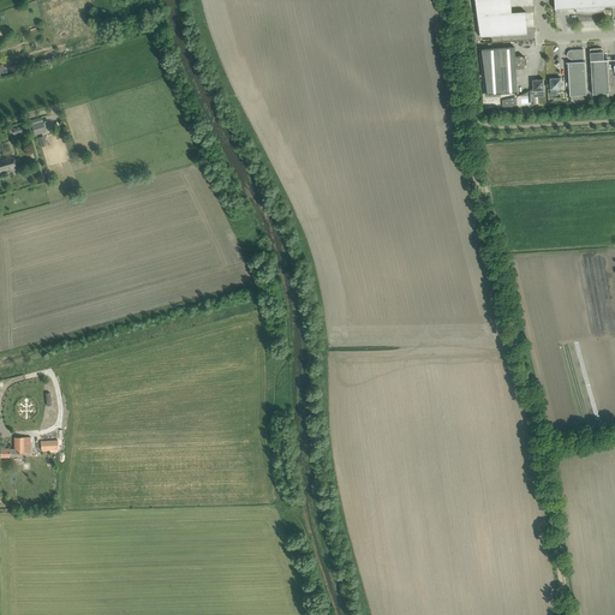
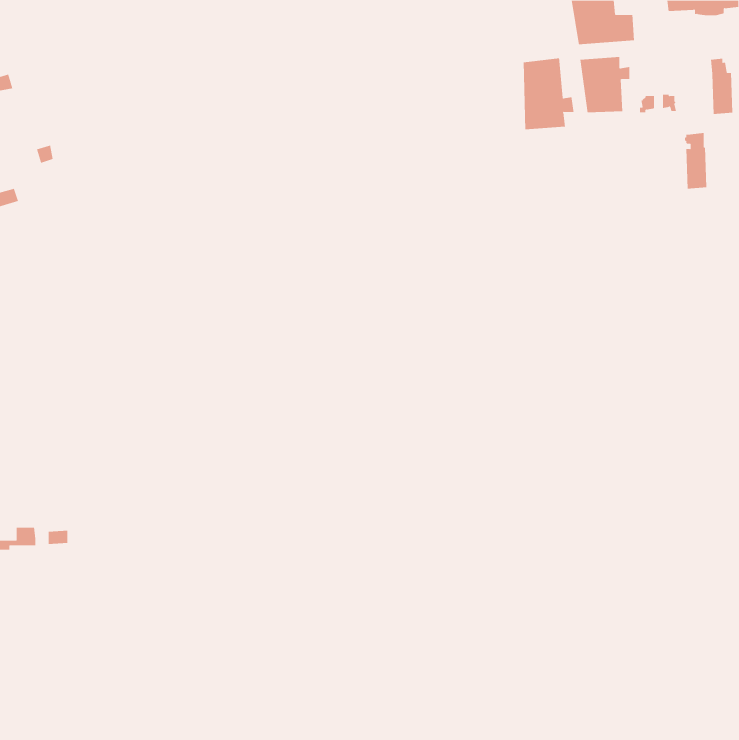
building: none -> [523,58,574,130]
building: [566,49,585,96] -> [684,133,707,189]

